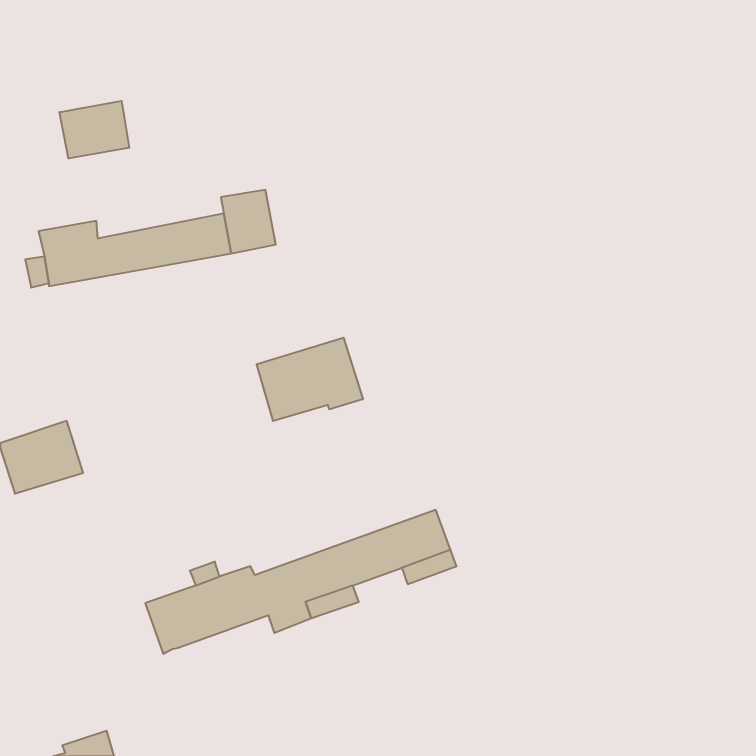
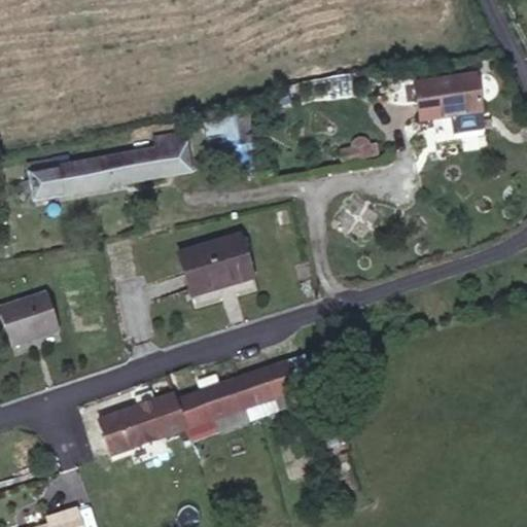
building: [59,101,129,159] -> none
building: none -> [416,74,482,119]

